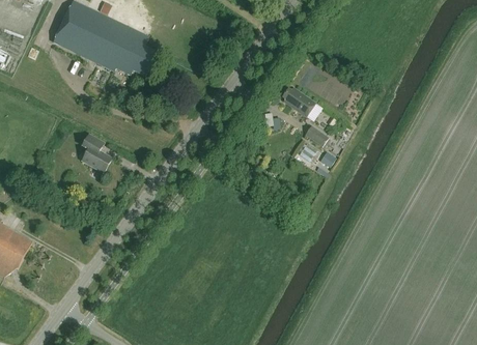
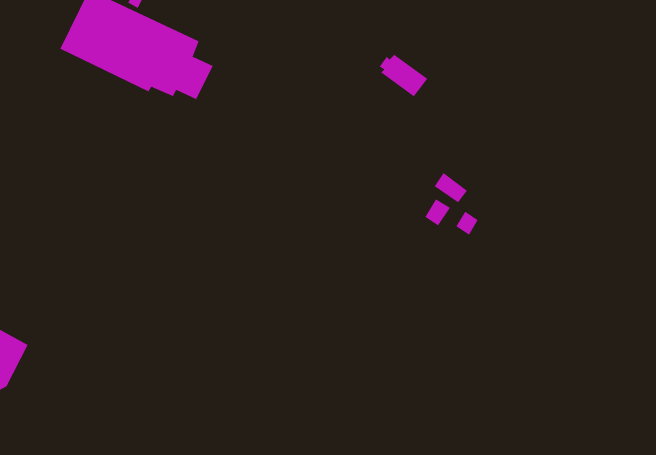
building: [282,86,315,115] -> [379,54,428,97]
building: [81,134,111,172] -> none

